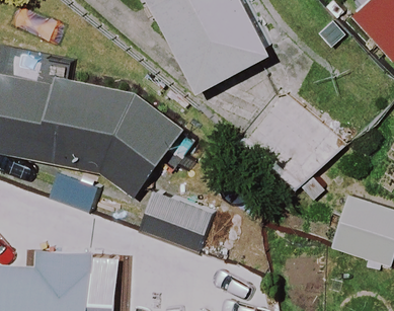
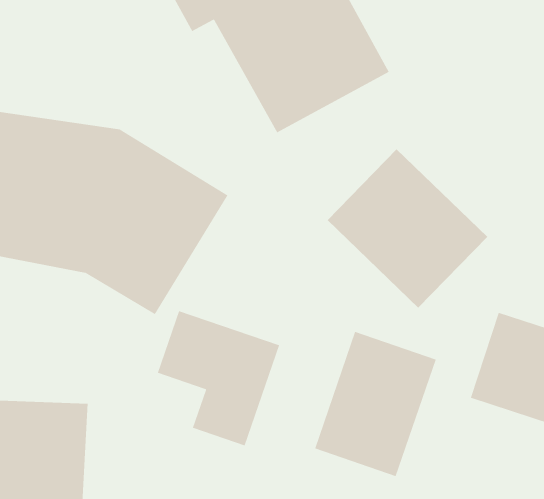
building: none -> [314,331,437,477]

